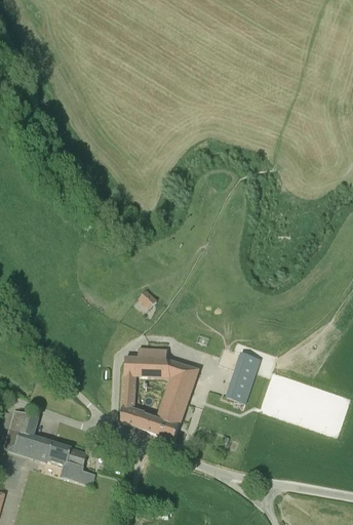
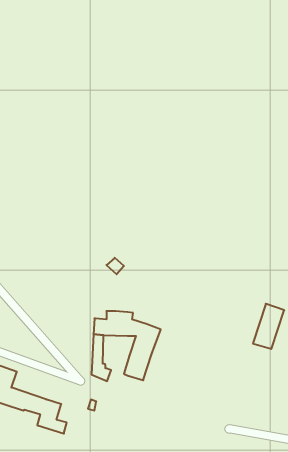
building: [225,352,260,402] -> [253,304,284,349]
building: [139,415,179,440] -> none

